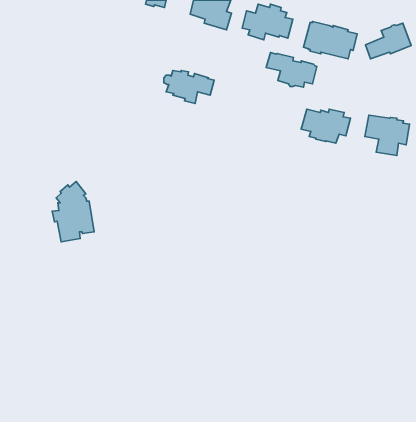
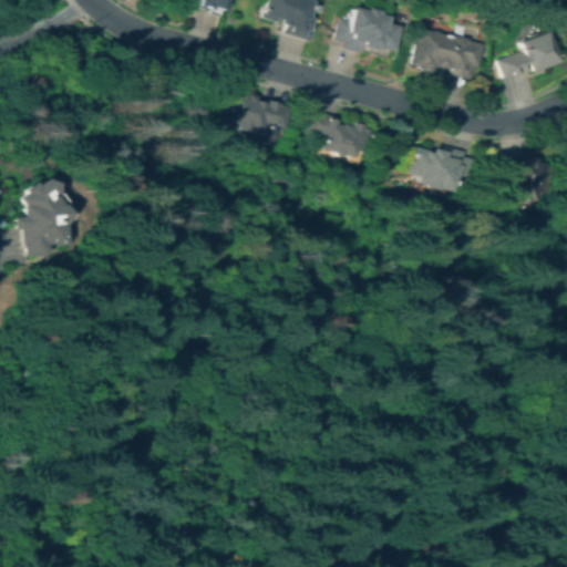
building: [266,53,317,87] -> [308,112,375,158]
building: [52,181,94,242] -> [16,177,72,258]

